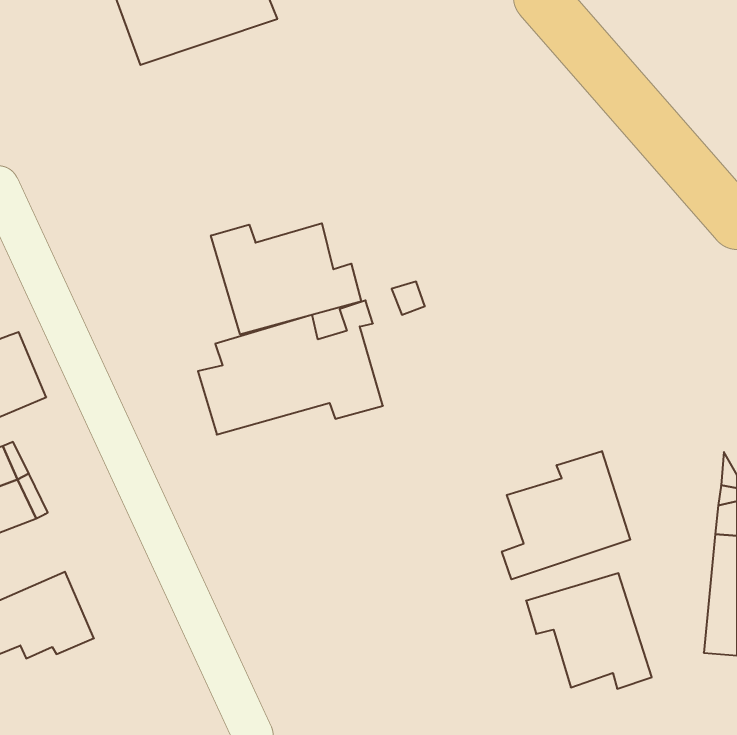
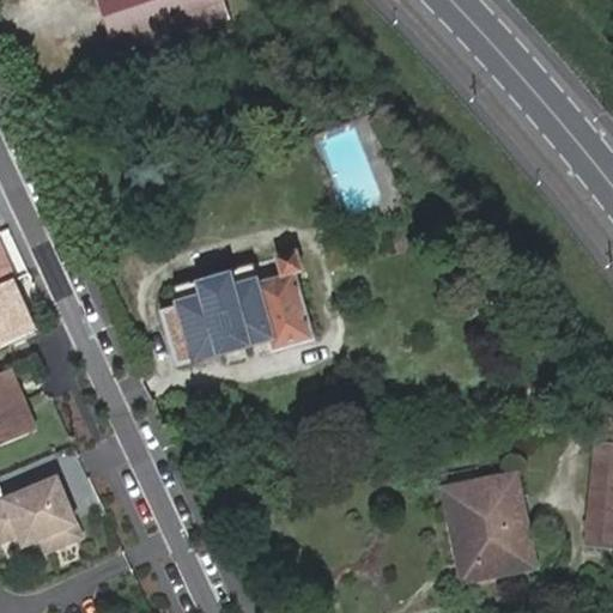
building: [211,223,361,334] -> none
building: [502,451,630,579] -> none
building: none -> [444,522,511,587]

